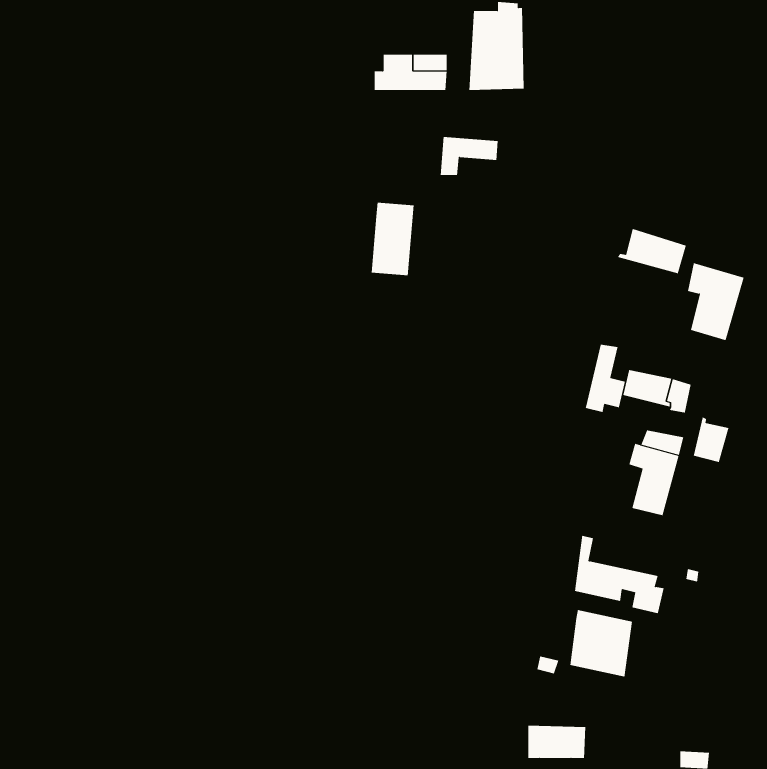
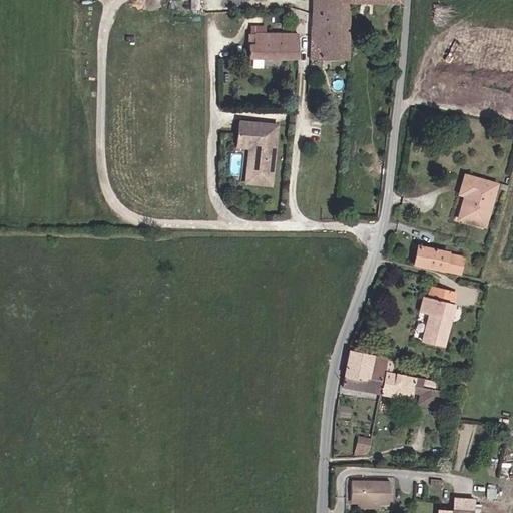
building: [440,136,499,176] -> [237,120,277,146]
building: [617,228,687,274] -> none
building: [585,344,626,413] -> none
building: [693,417,729,463] -> none
building: [569,609,633,677] -> [345,348,387,393]

